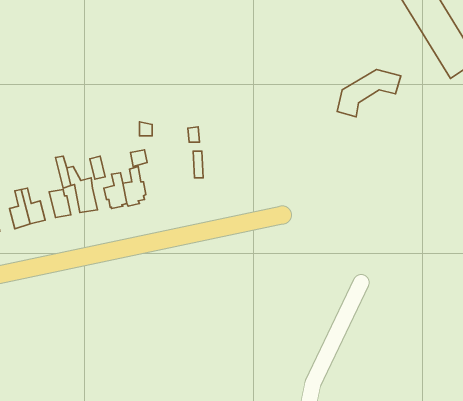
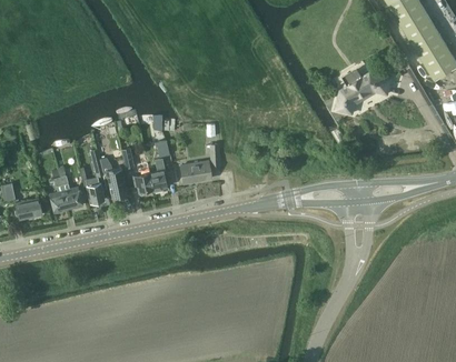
building: none -> [180,160,210,182]

